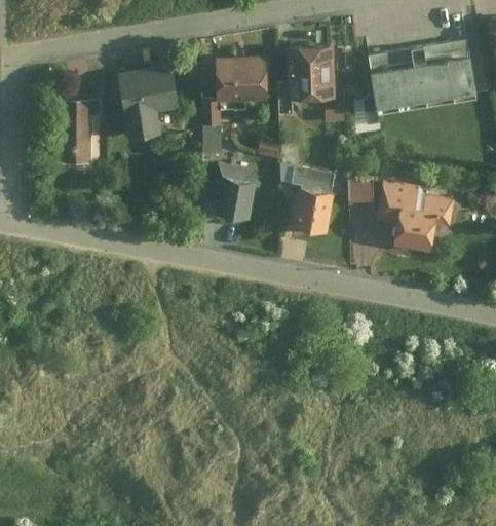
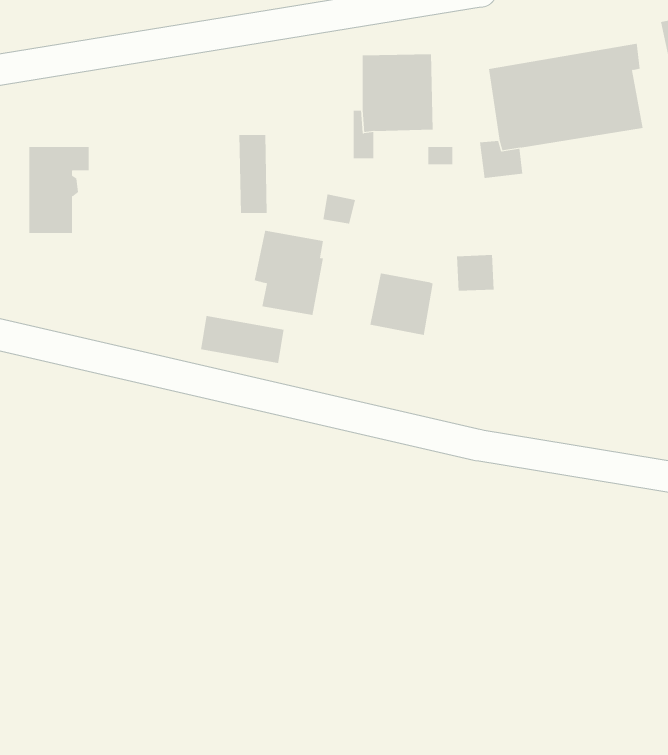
building: [218,58,270,110] -> none
building: [120,65,180,138] -> none
building: [287,166,335,198] -> none
building: [378,182,453,254] -> none
building: none -> [200,315,284,364]

